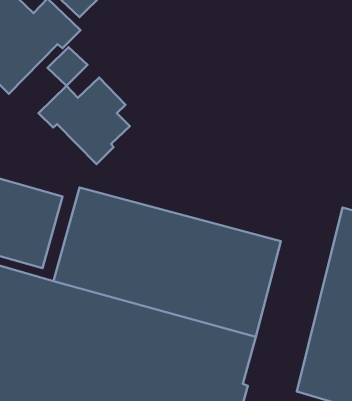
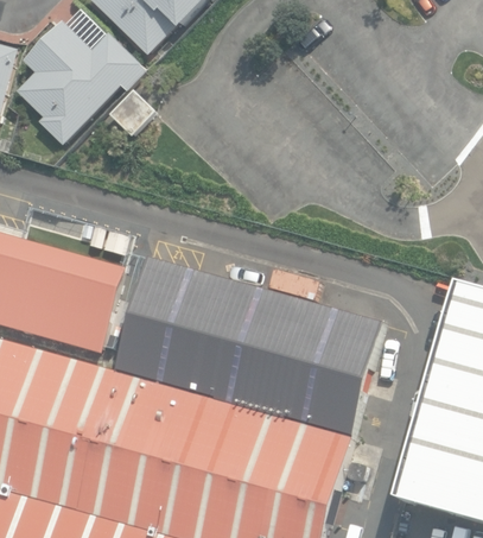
building: [39,77,130,164] -> none

